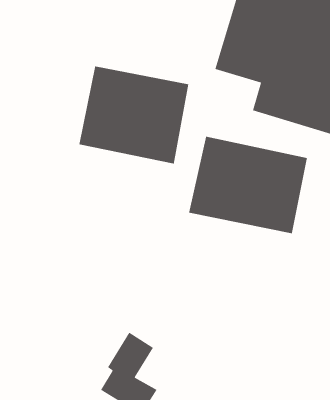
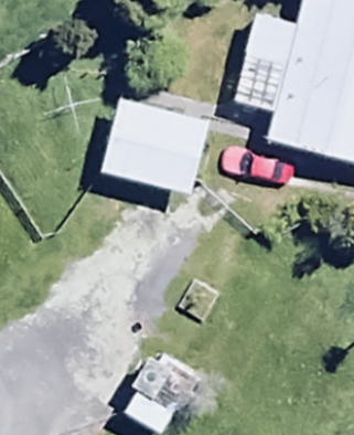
building: [189,136,308,234] -> none

